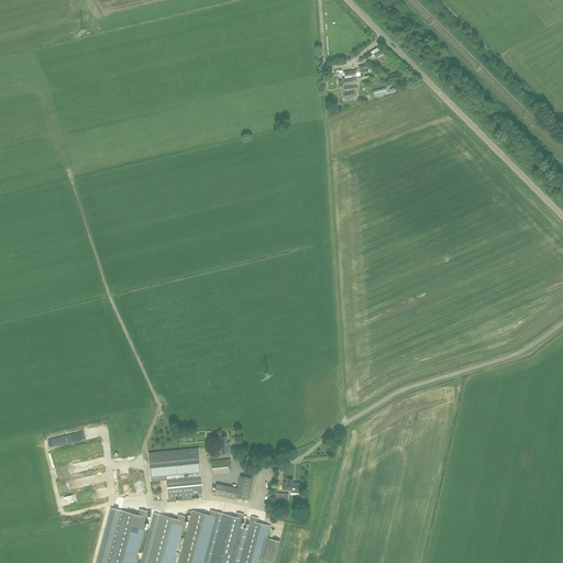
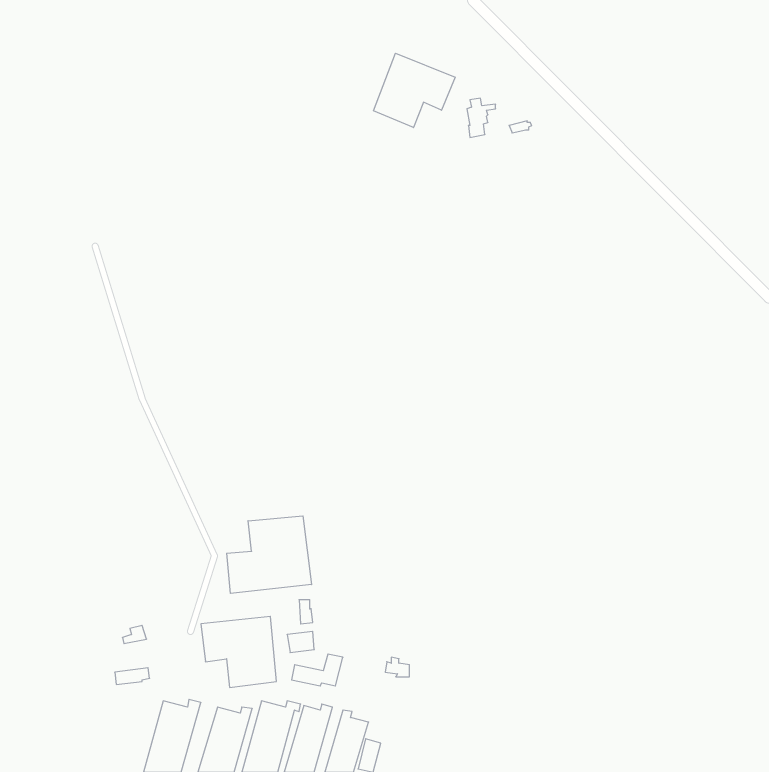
building: none -> [374,53,455,128]
building: none -> [227,516,312,593]

